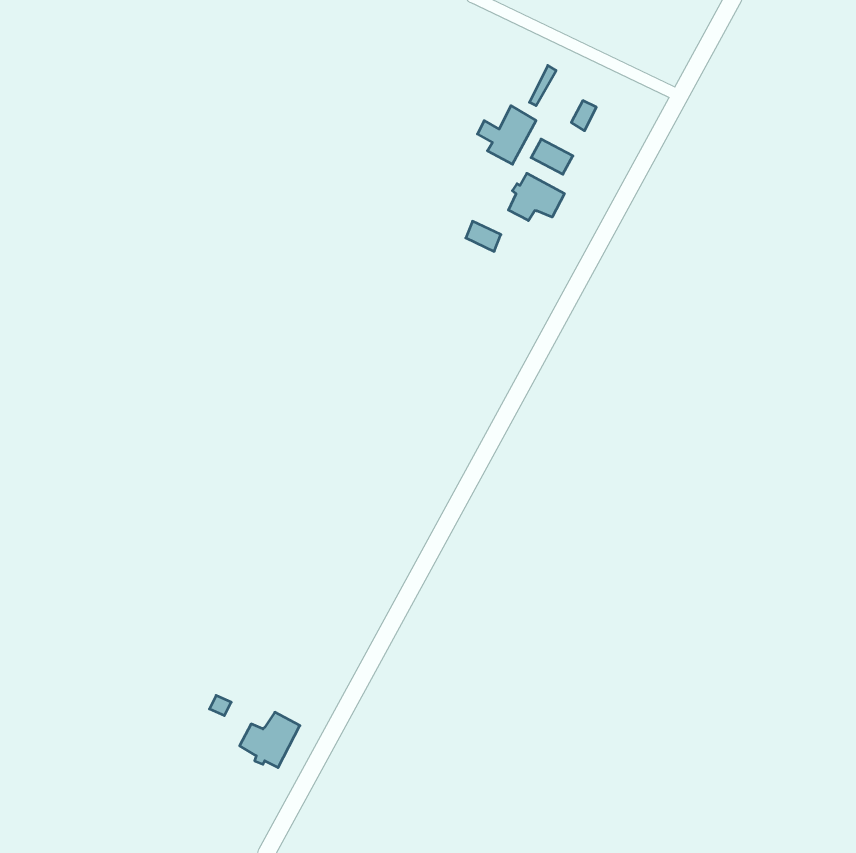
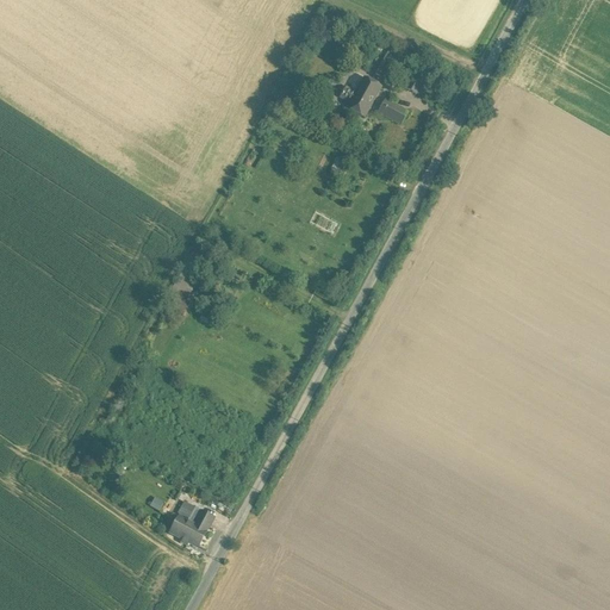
building: [508,173,564,221] -> none

